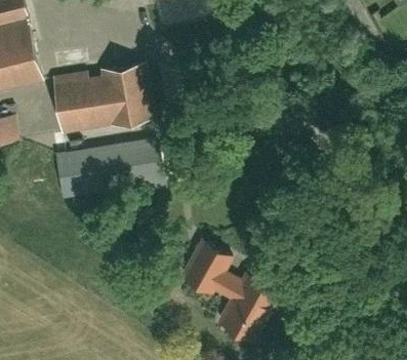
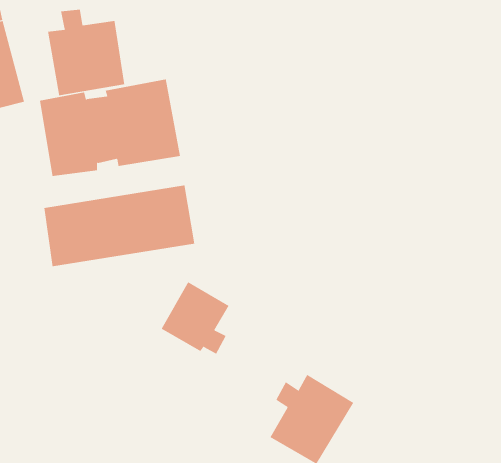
building: none -> [48,9,125,96]
building: [184,240,233,292] -> [161,281,229,355]

